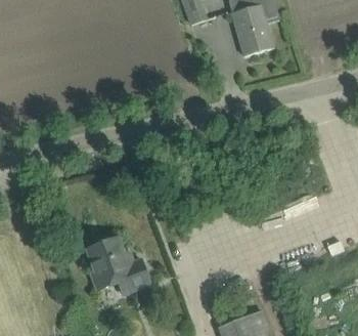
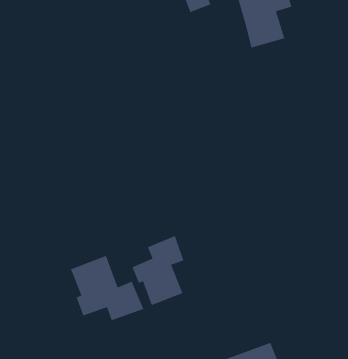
building: none -> [132,235,184,306]

